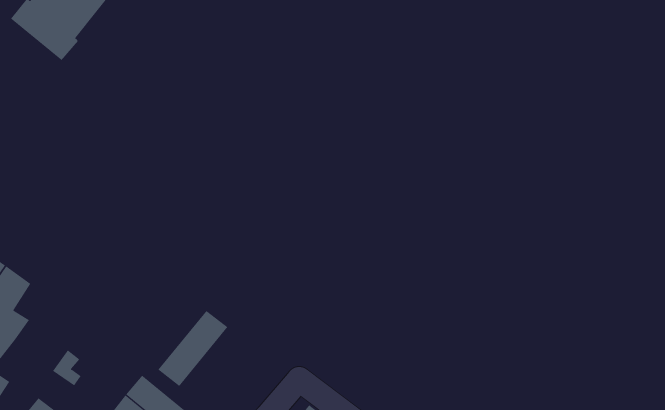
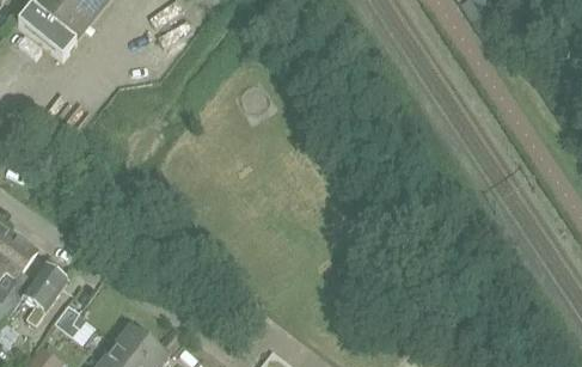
building: none -> [23,264,66,323]
building: [157,310,228,387] -> none

